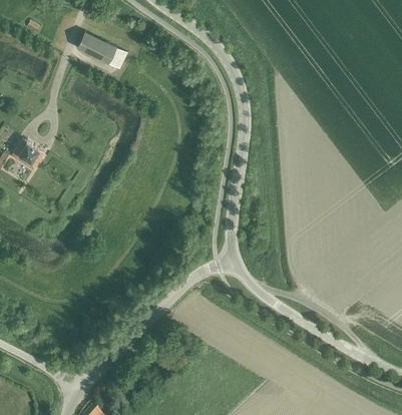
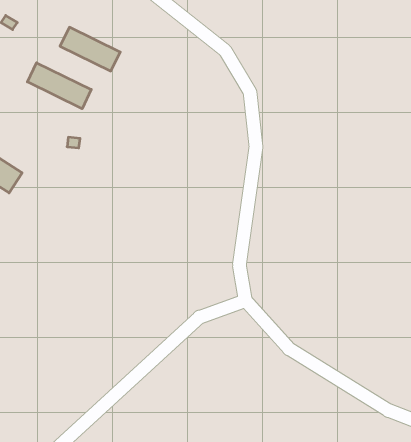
building: none -> [27,63,91,109]

